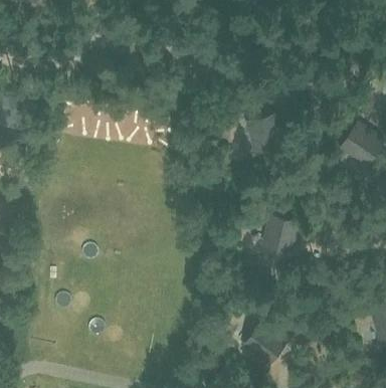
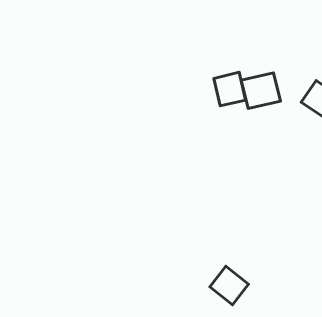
building: none -> [241,73,281,109]
building: [260,217,296,253] -> none

